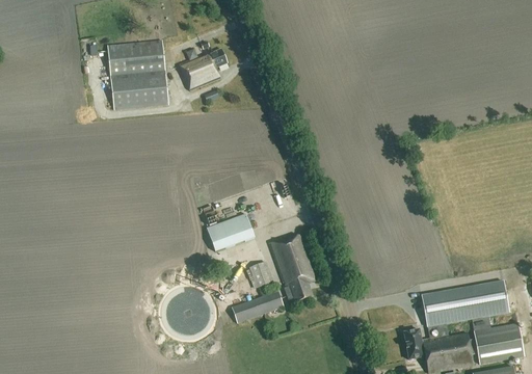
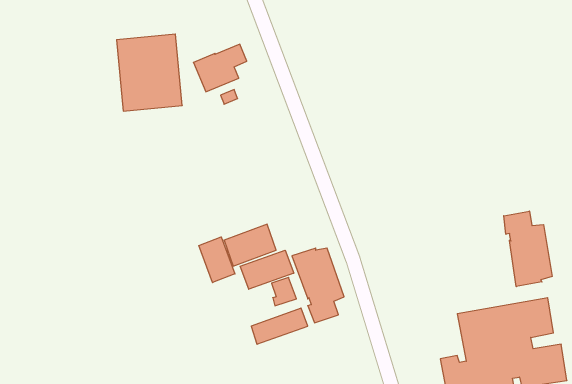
building: none -> [504,211,552,287]
building: none -> [199,237,235,283]
building: none -> [240,250,294,289]

